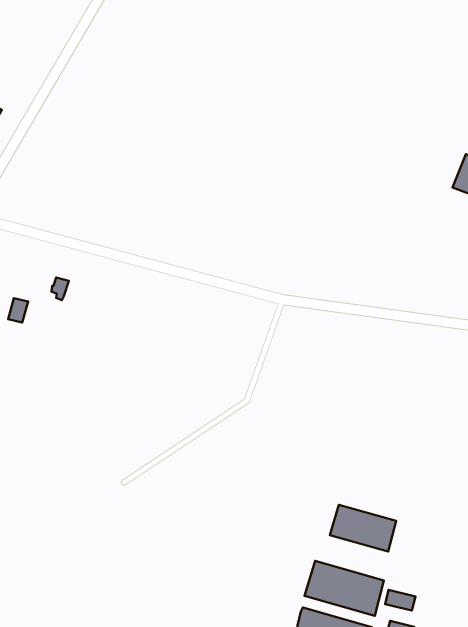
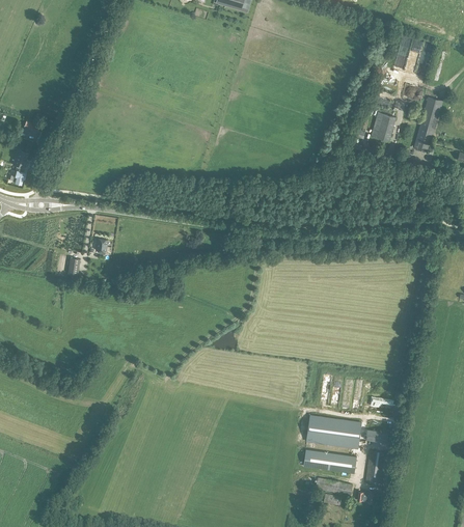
building: [330,505,396,552] -> none

